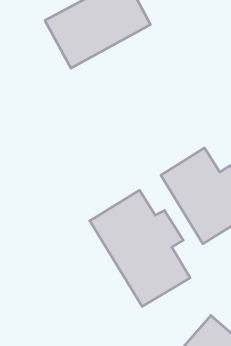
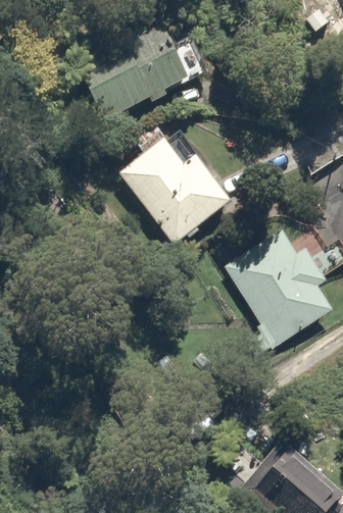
building: none -> [124,136,226,250]
building: [90,190,190,306] -> none

